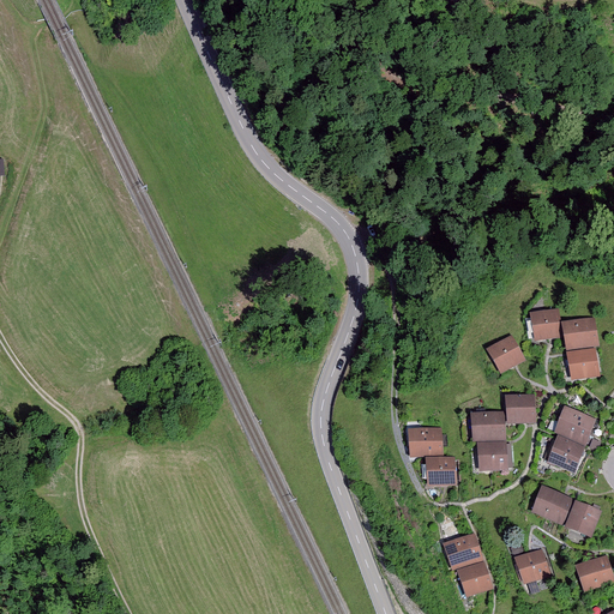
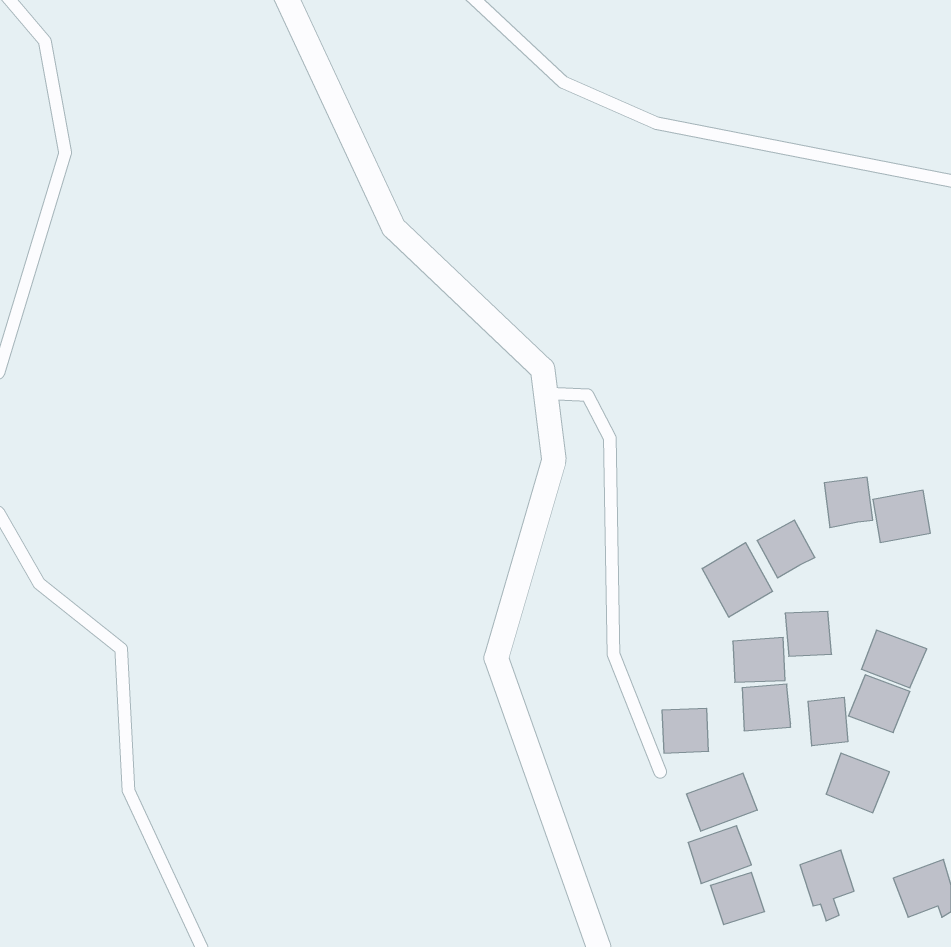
building: [566,347,600,379] -> none
building: none -> [702,543,773,617]
building: [409,427,443,456] -> none
building: none -> [808,697,848,746]
building: none -> [686,773,757,831]
building: [565,499,601,535] -> none

